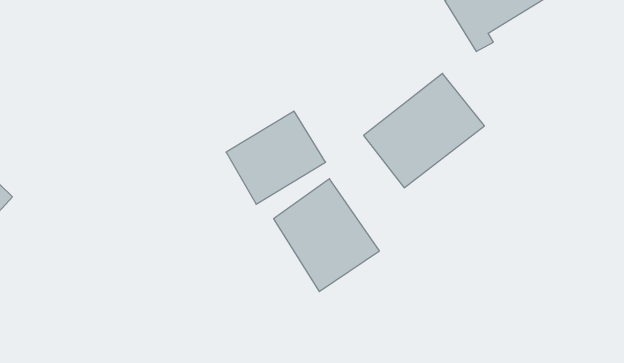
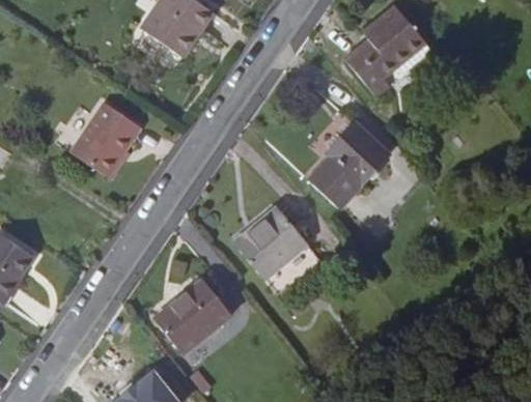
building: none -> [68,103,133,176]
building: [226,111,326,204] -> [158,278,236,354]

